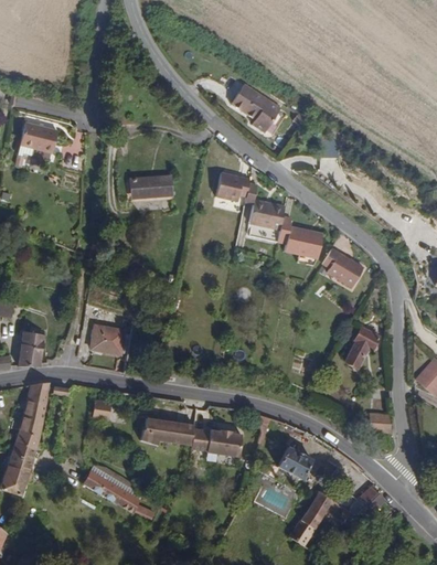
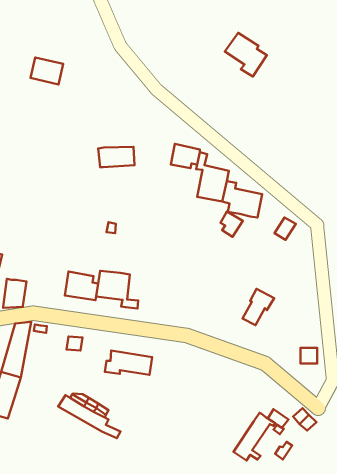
building: [232,79,281,131] -> [225,33,267,77]
building: [19,120,57,152] -> [31,57,63,84]
building: [323,247,350,277] -> [220,212,243,237]
building: none -> [96,271,138,308]
building: [343,326,381,369] -> [243,289,274,325]
building: [192,427,243,456] -> none
building: [278,446,316,479] -> none

